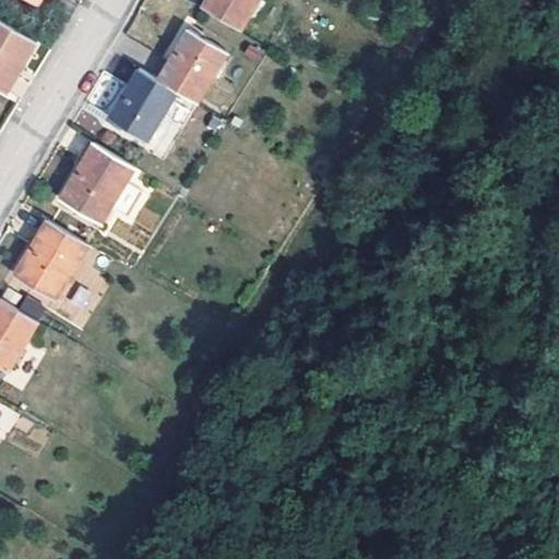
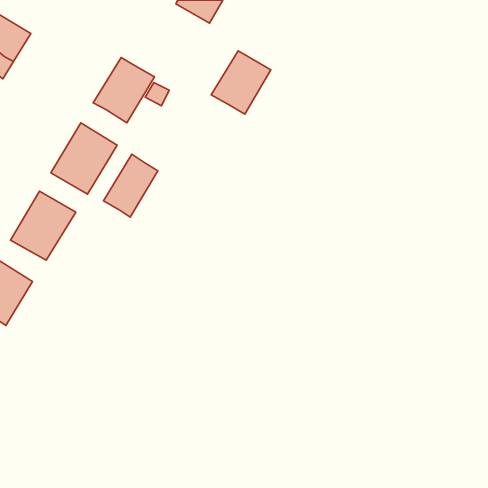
building: [156,29,224,102] -> [211,51,271,114]
building: none -> [103,154,158,217]

